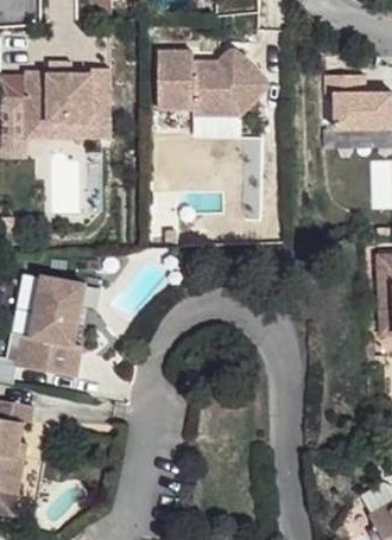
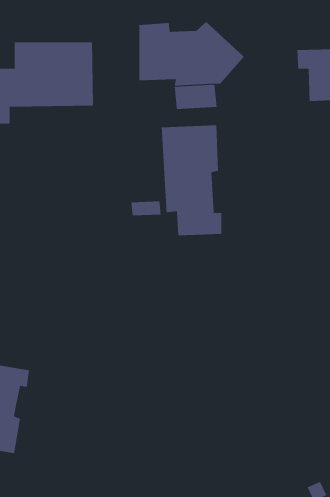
building: none -> [161,124,222,236]
building: [17,275,83,383] -> none

